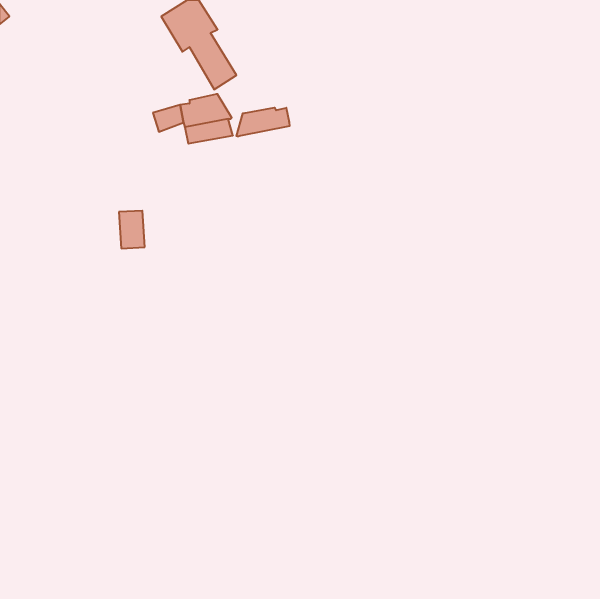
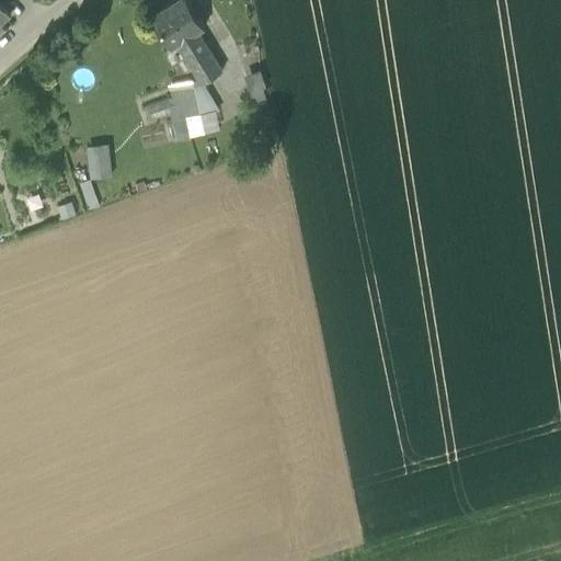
building: [236,108,290,137] -> none
building: [119,211,145,248] -> [89,144,113,179]

